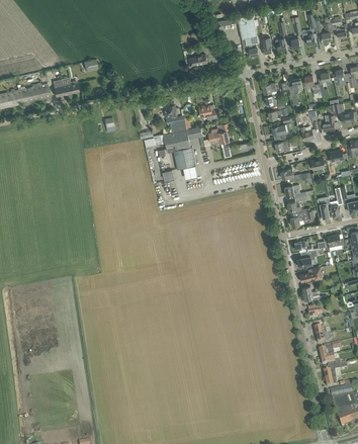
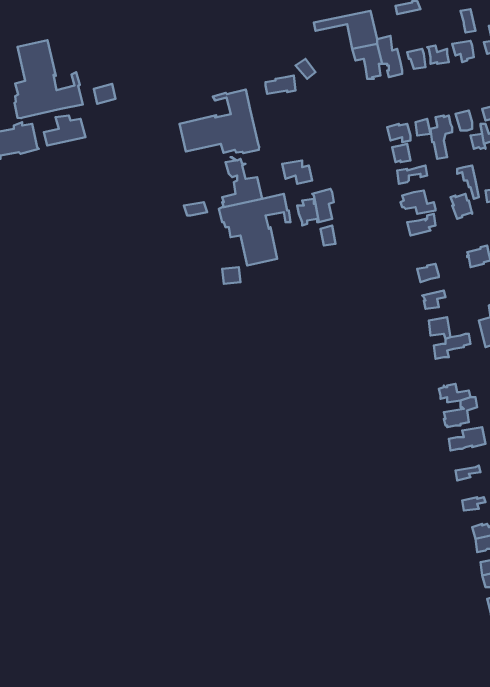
building: none -> [14,40,83,118]
building: none -> [180,89,259,153]

